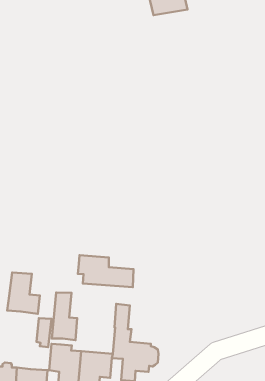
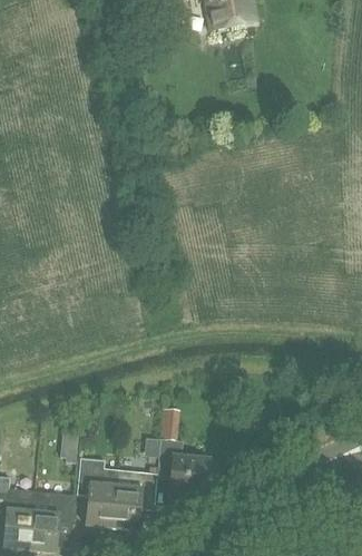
building: [78,255,133,287] -> none
building: [7,273,40,314] -> none
building: [52,293,77,340] -> none

